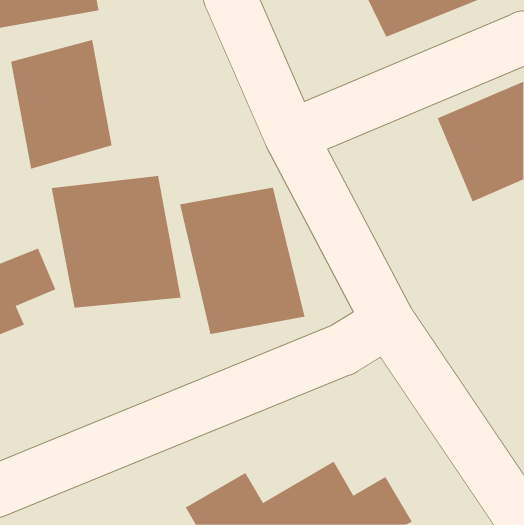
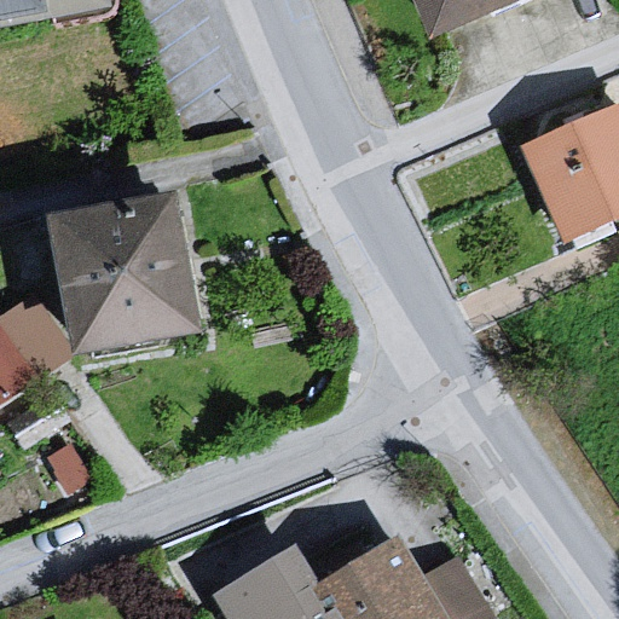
building: [11,39,112,169] -> none
building: [180,187,305,335] -> none

